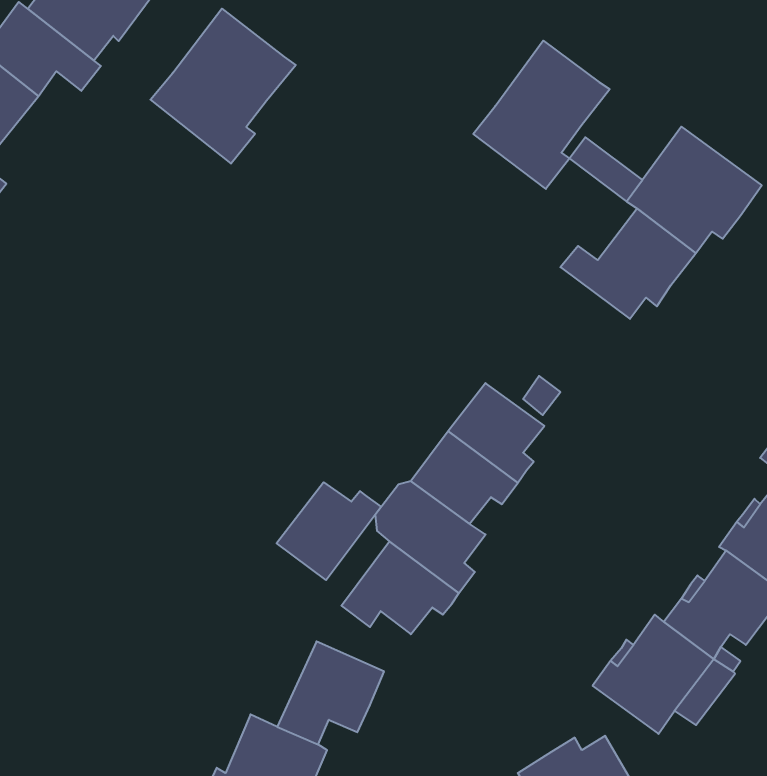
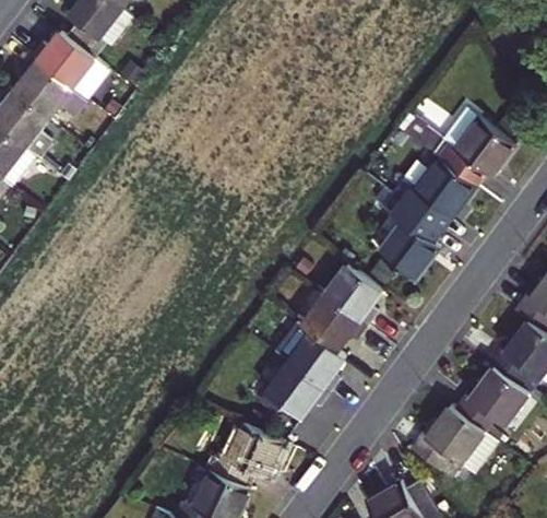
building: [150,9,296,164] -> none
building: [473,41,610,189] -> none
building: none -> [377,193,438,281]
building: [277,482,381,580] -> none

